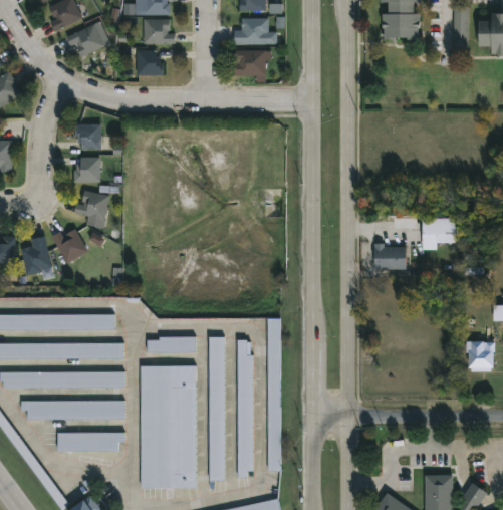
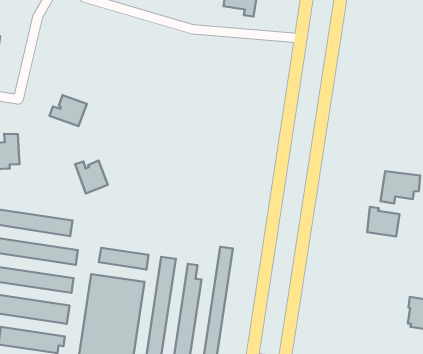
building: [74,123,101,149] -> none
building: [74,156,101,182] -> none
building: [52,228,88,263] -> [75,161,108,193]
building: [374,243,406,269] -> [367,207,400,237]

